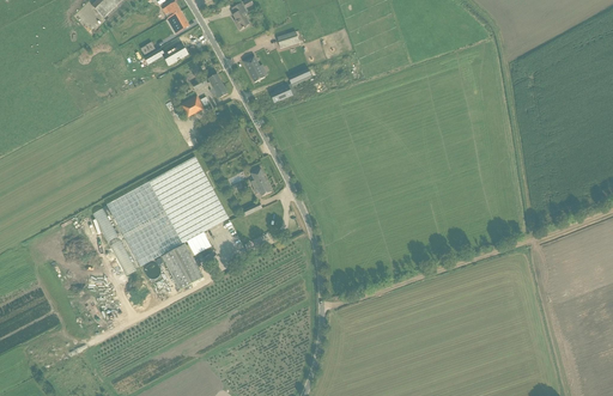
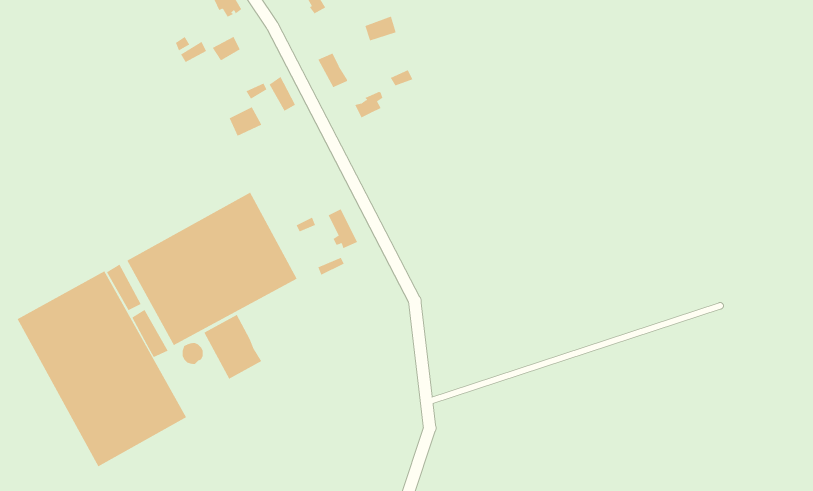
building: none -> [17,271,187,467]

